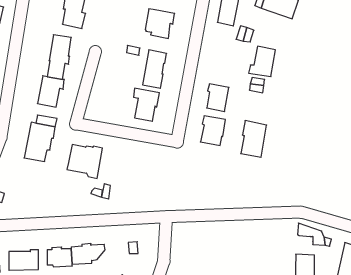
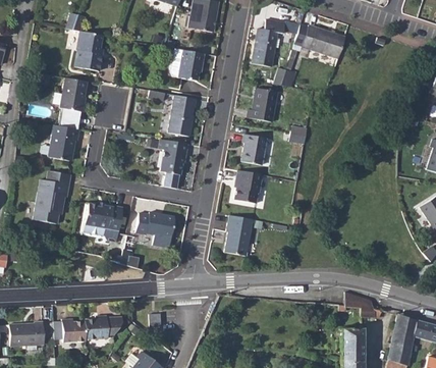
building: [249,46,275,77] -> [247,87,277,121]
building: [241,121,267,157] -> [223,214,253,256]
building: none -> [134,212,173,248]

